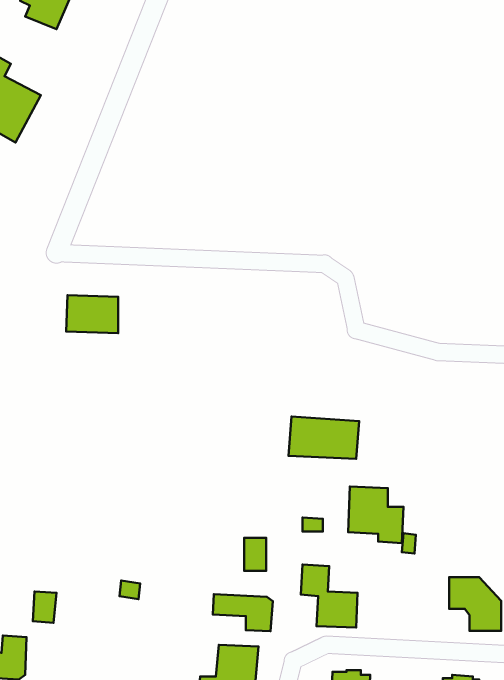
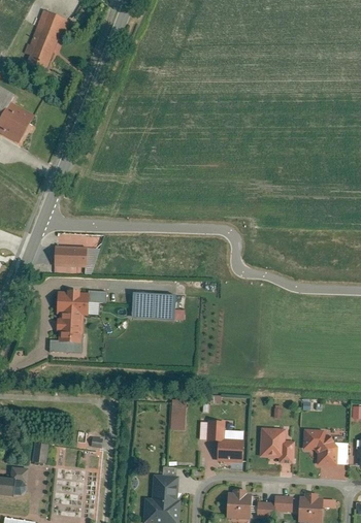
building: none -> [55,292,89,345]
building: [288,416,359,459] -> [130,293,176,321]
building: [348,486,403,543] -> [259,428,295,465]
building: [213,594,273,631] -> none

